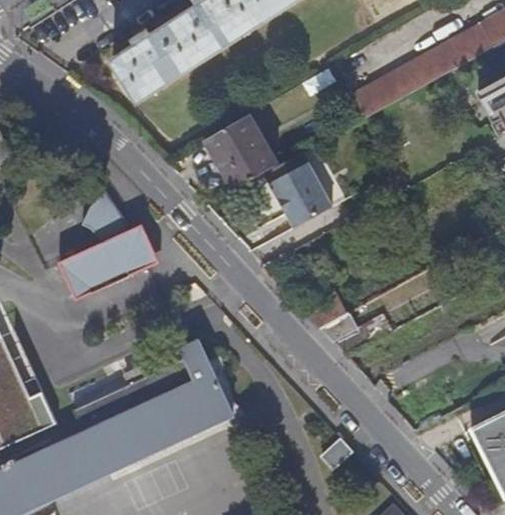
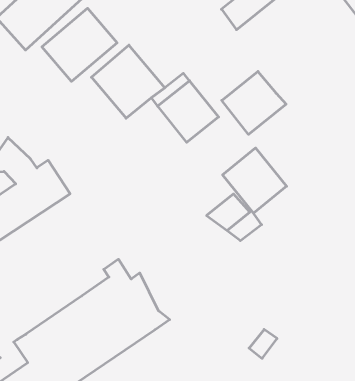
building: none -> [42,8,117,81]
building: none -> [222,71,286,134]
building: none -> [223,148,287,213]

